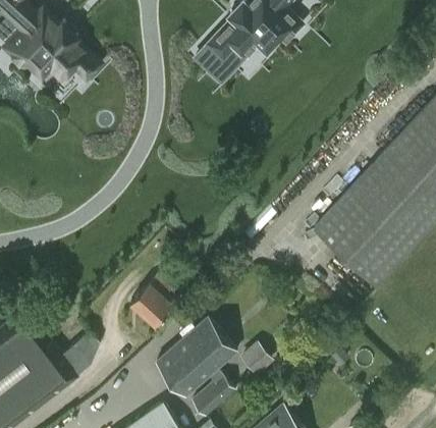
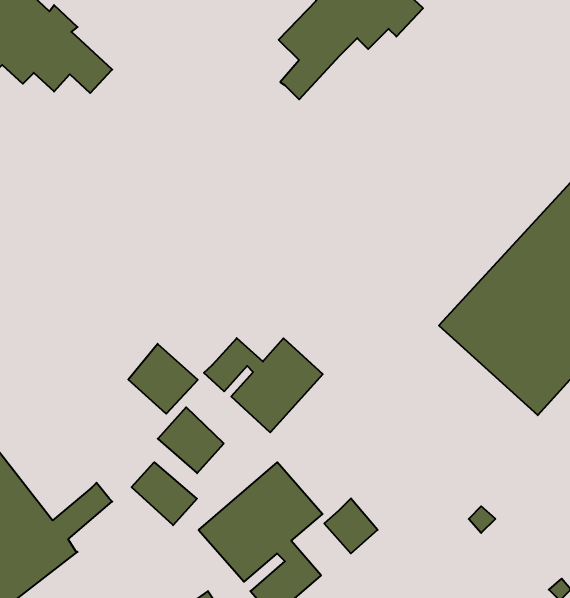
building: none -> [204,338,323,432]
building: none -> [128,344,198,414]
building: none -> [132,462,197,525]

